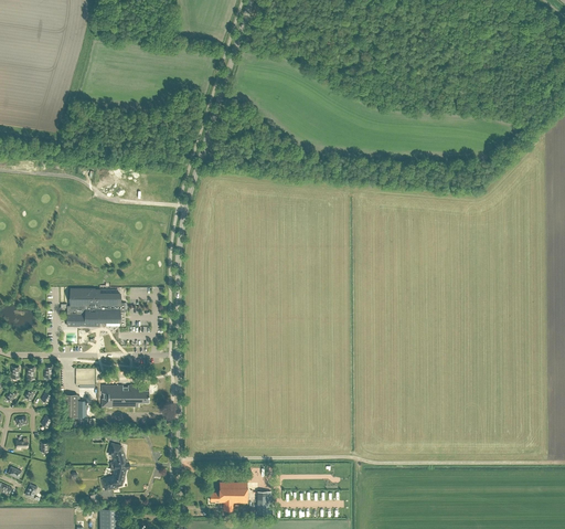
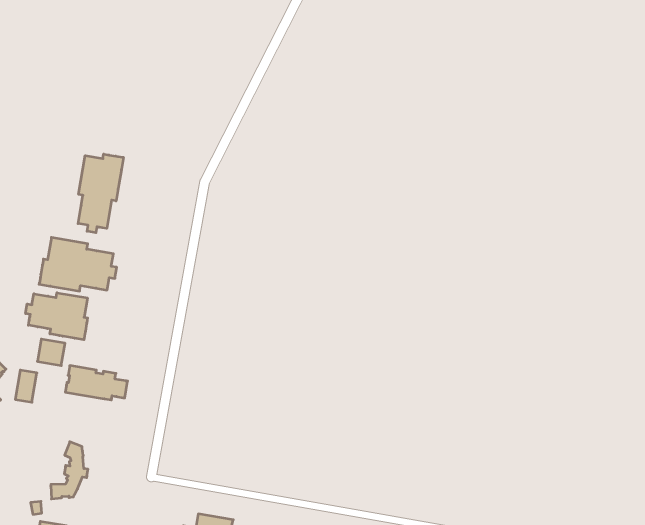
building: none -> [78,154,123,233]
building: none -> [26,293,88,340]

